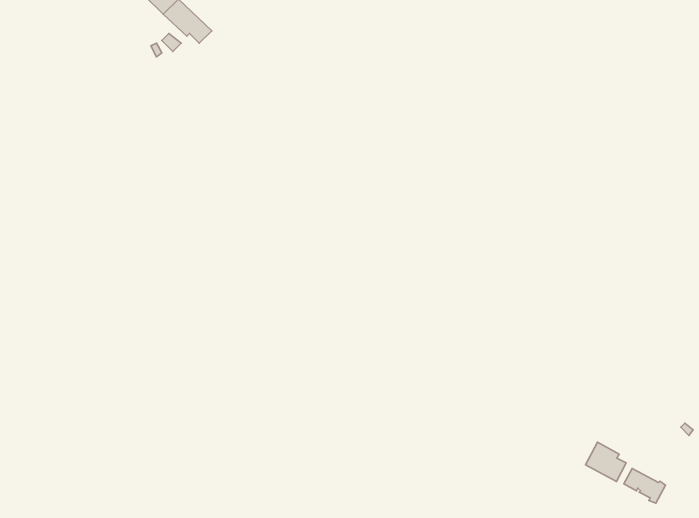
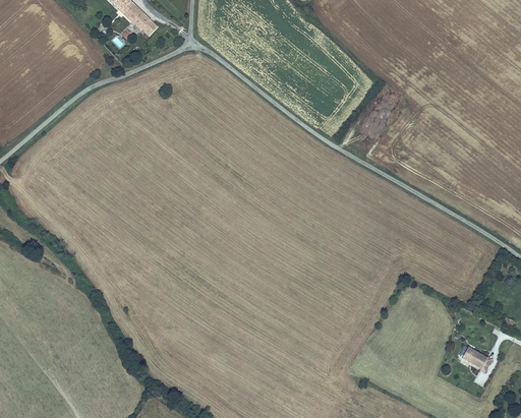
building: [586,442,626,482] -> none

